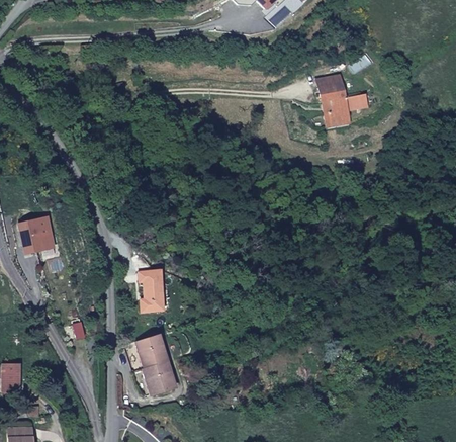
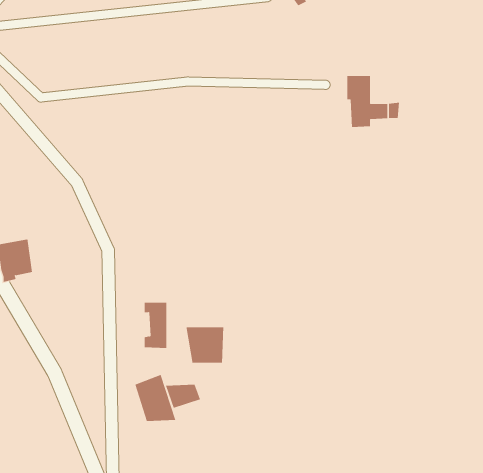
building: none -> [186,326,224,364]
building: [146,374,177,395] -> [165,384,201,409]

